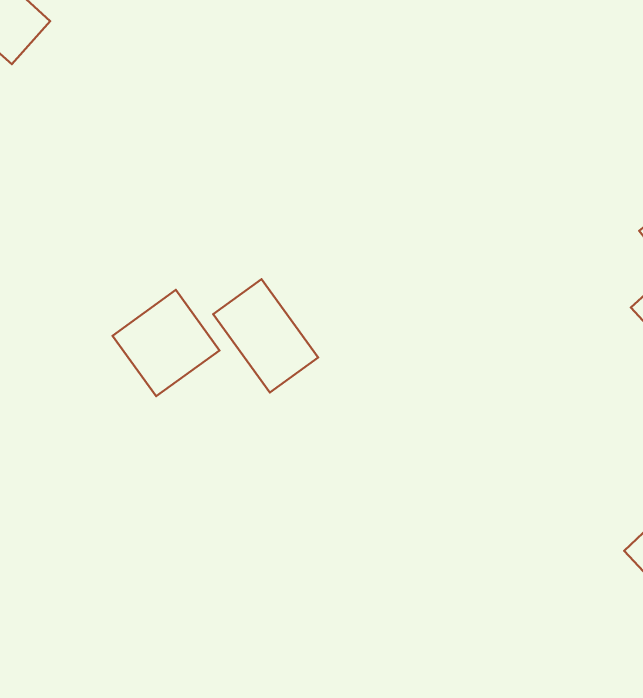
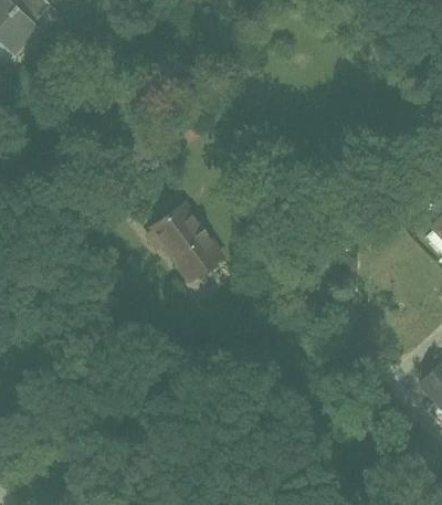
building: [113,290,220,396] -> none

